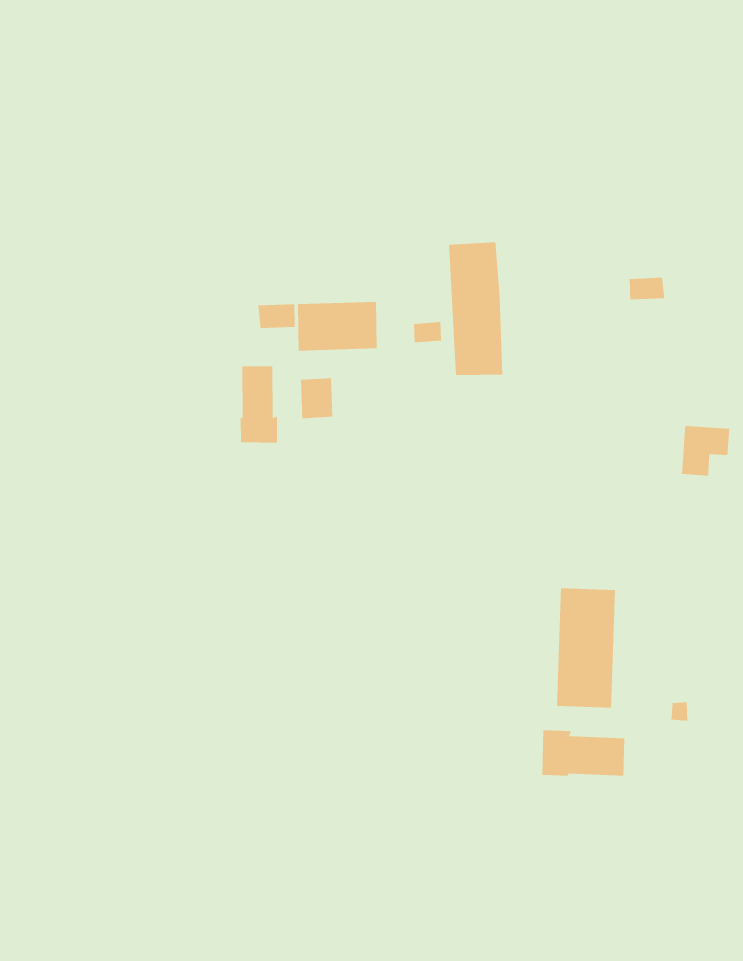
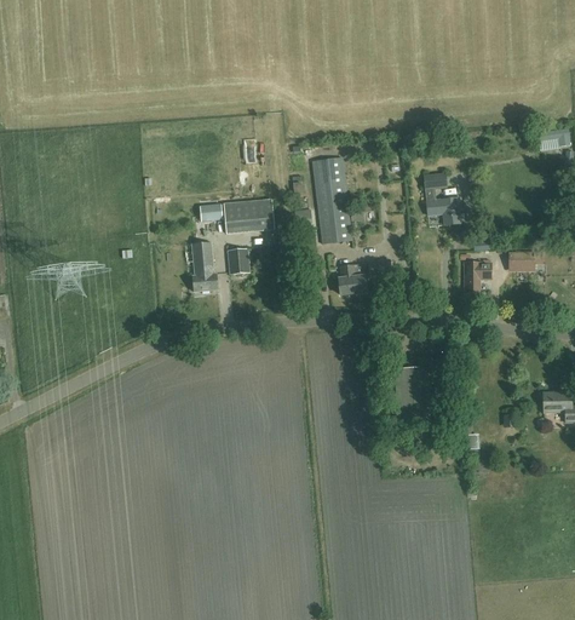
building: none -> [426,196,460,228]
building: none -> [338,259,391,294]
building: [542,730,625,777] -> none

